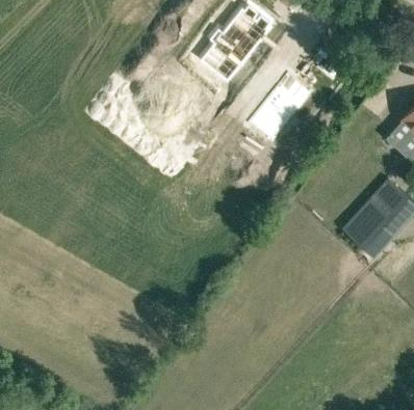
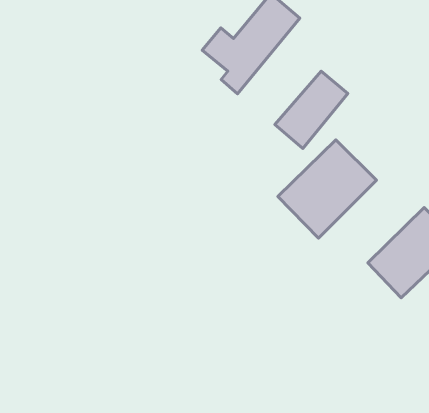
building: none -> [278,140,377,238]

